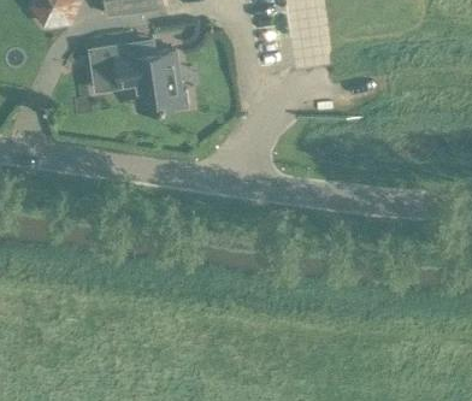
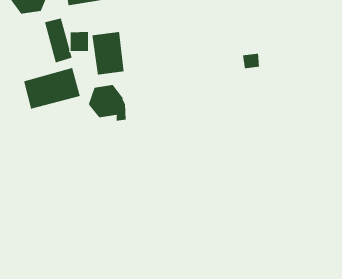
building: none -> [23,67,80,109]
building: none -> [88,84,126,122]

